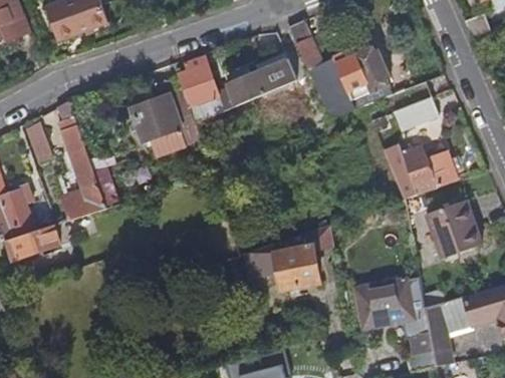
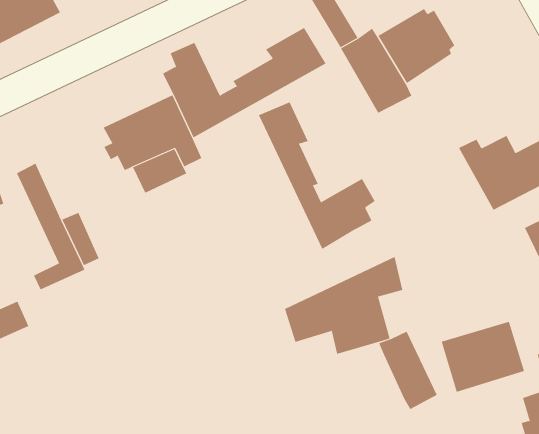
building: [388,81,439,129] -> none
building: none -> [258,101,376,250]
building: none -> [378,331,437,410]

